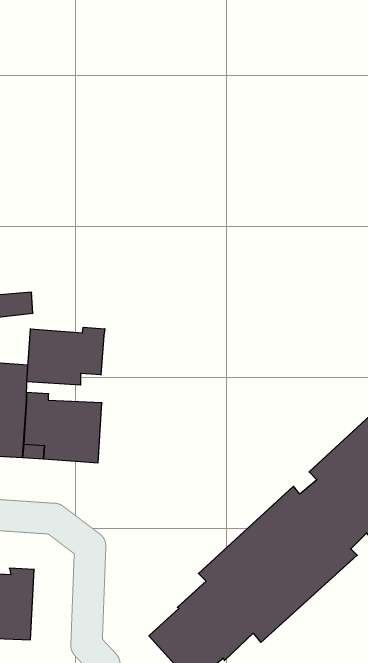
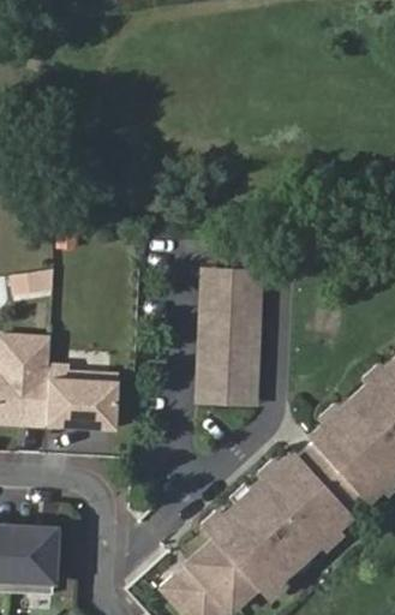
building: none -> [201,268,259,407]
building: [27,327,105,385] -> none

